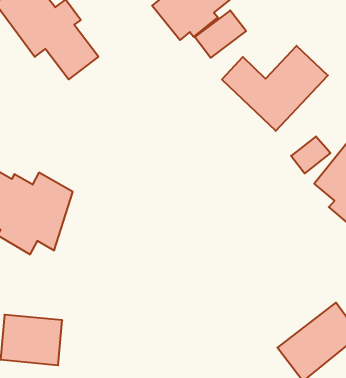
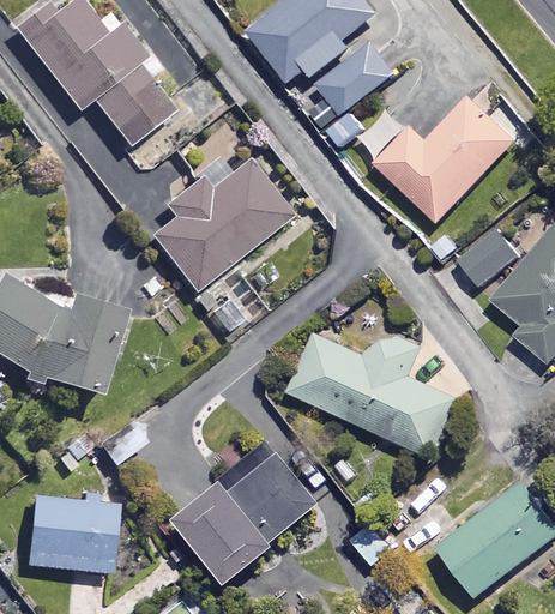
building: none -> [151,151,289,291]
building: none -> [286,333,454,456]
building: none -> [182,446,321,585]

